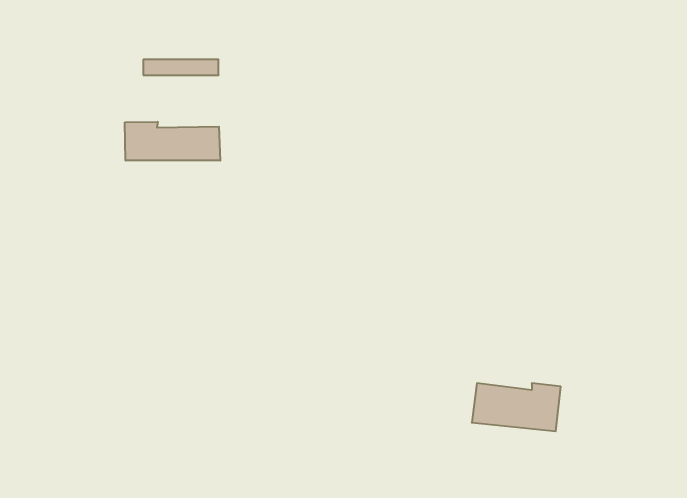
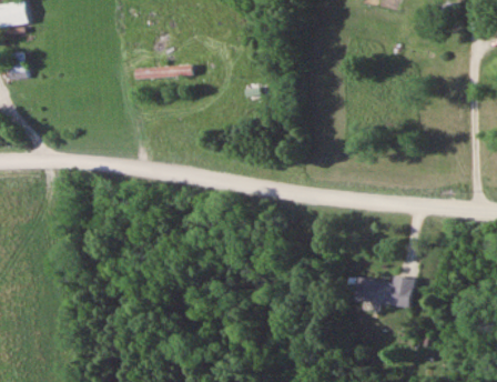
building: [125,122,220,161] -> none

